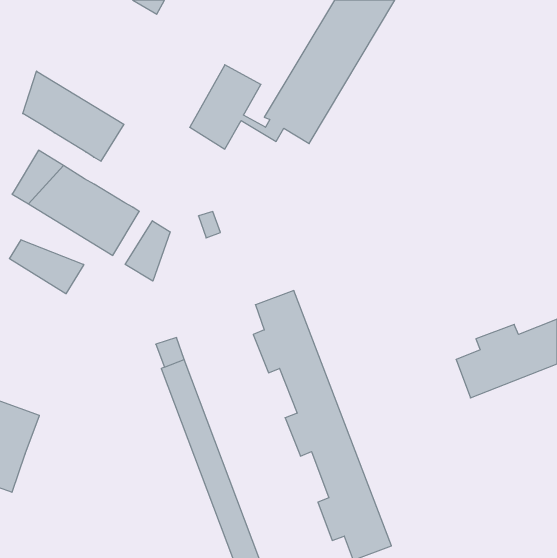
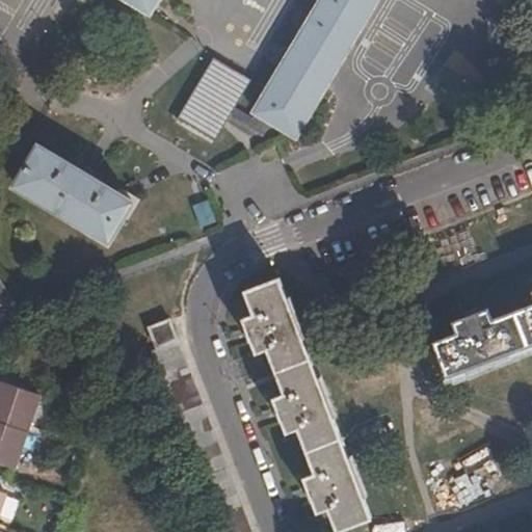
building: [23,71,124,161] -> none
building: [125,221,170,281] -> none
building: [9,240,84,294] -> none

